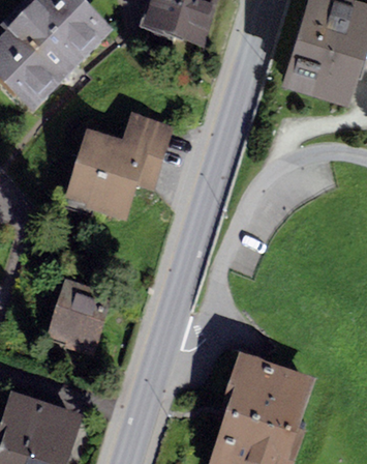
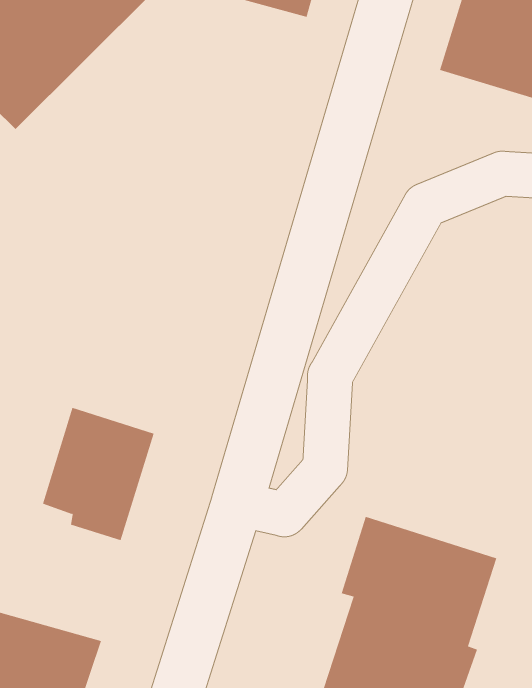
building: [65,111,173,223] -> none

